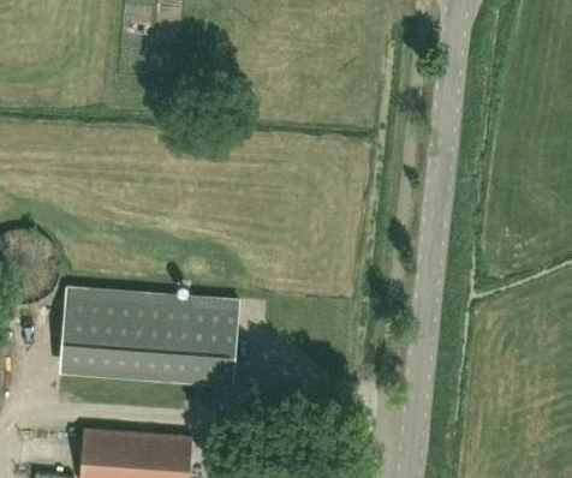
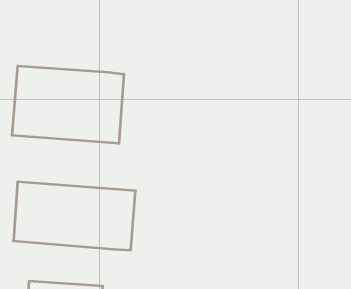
building: none -> [12,66,124,144]

